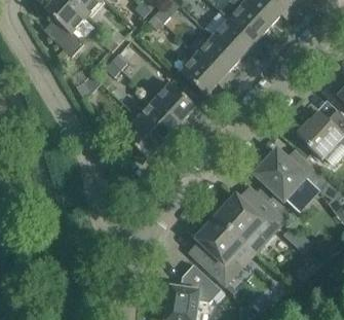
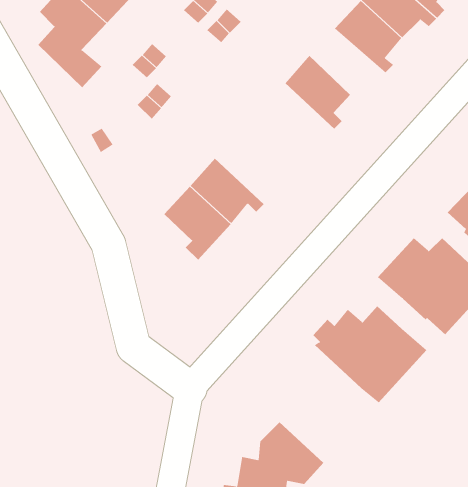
building: [212,20,259,61] -> none
building: [180,54,227,95] -> none
building: [153,82,195,129] -> none
building: [194,216,243,285] -> none

